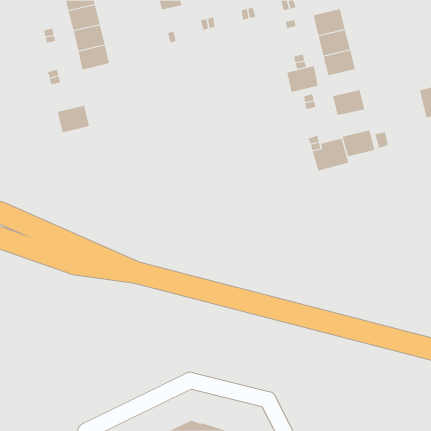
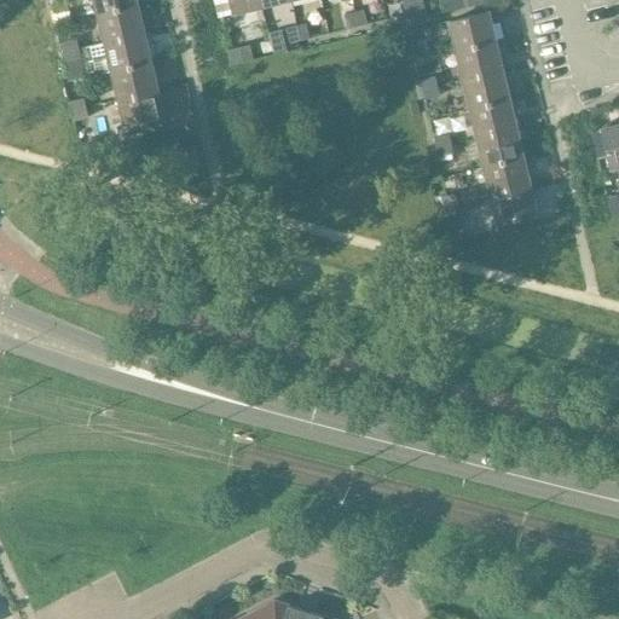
building: [286,66,319,93] -> [470,99,516,138]
building: [57,105,90,133] -> [118,91,166,131]
building: none -> [484,157,531,196]

